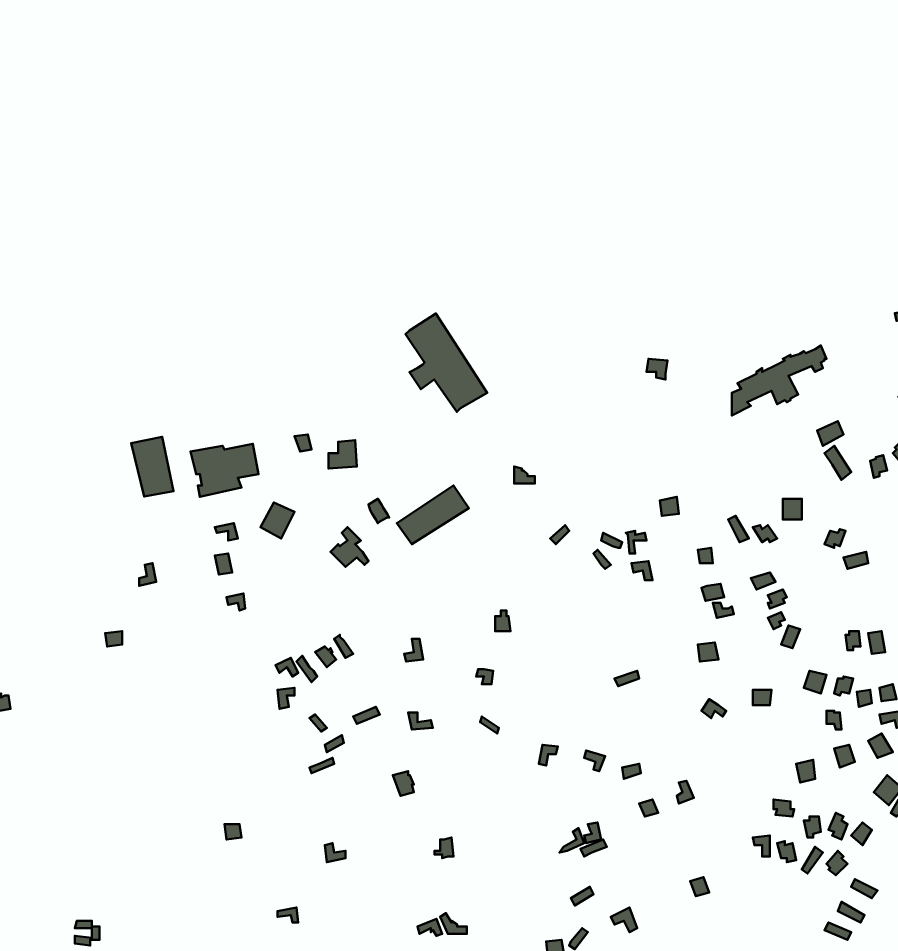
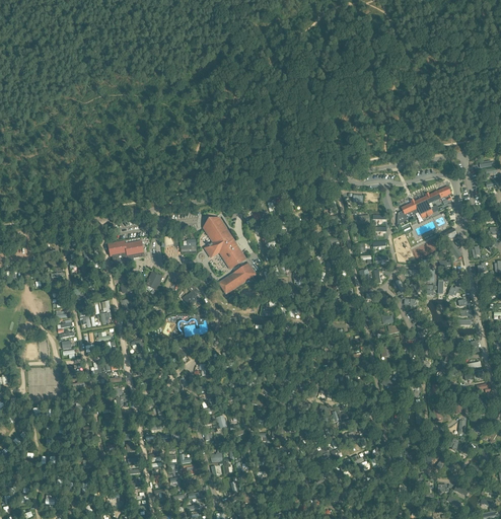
building: [406,313,487,412] -> [203,216,246,269]
building: [131,437,174,497] -> none

